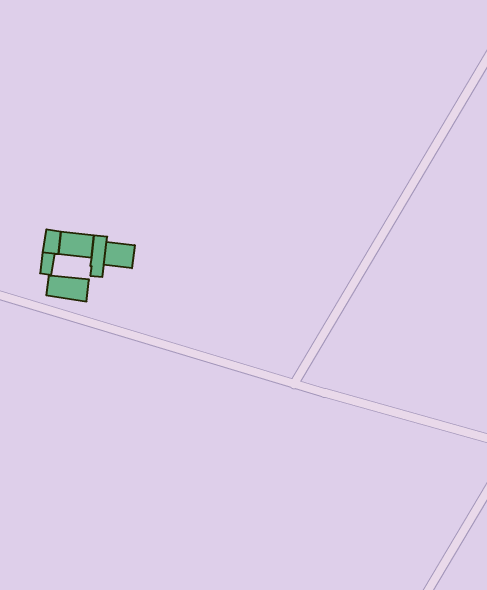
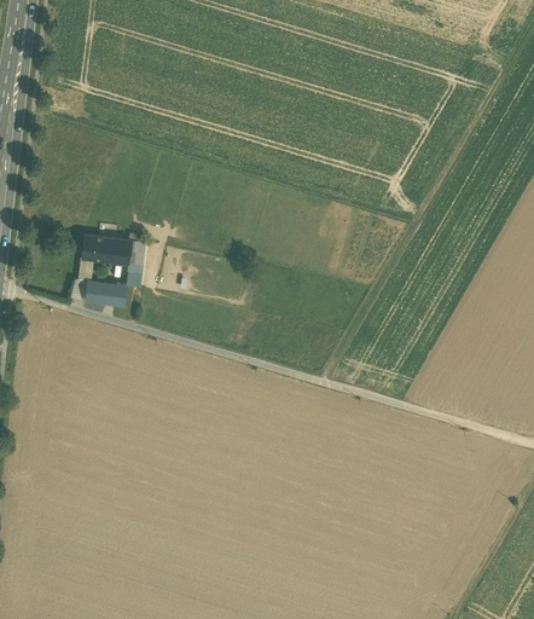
building: [104,242,135,268] -> none

